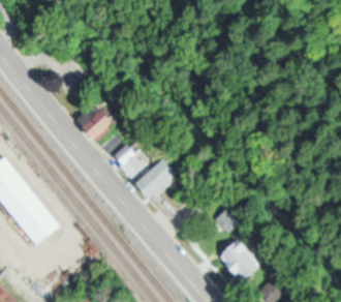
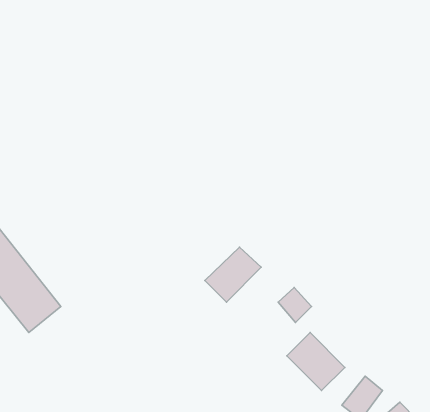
building: [78,103,114,140] -> none
building: [111,145,145,179] -> none
building: [136,159,177,199] -> [205,247,261,302]

